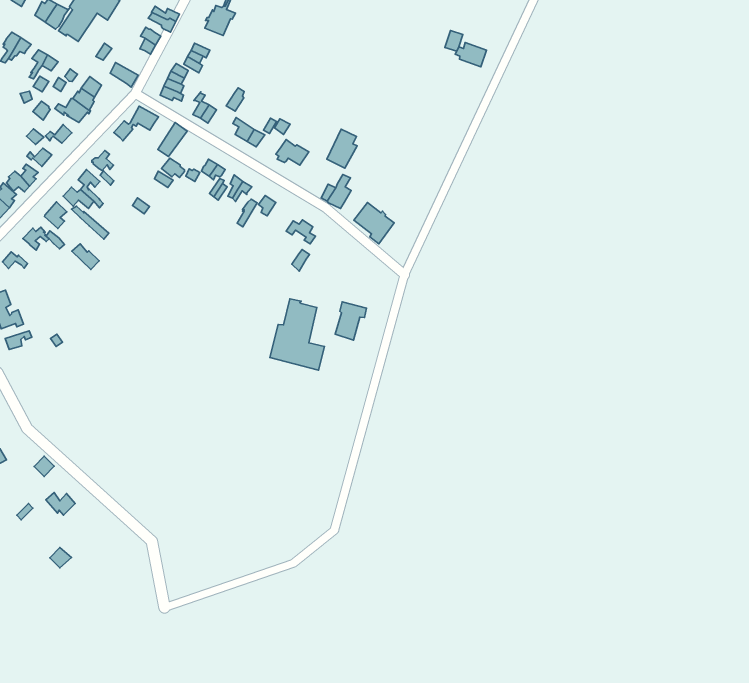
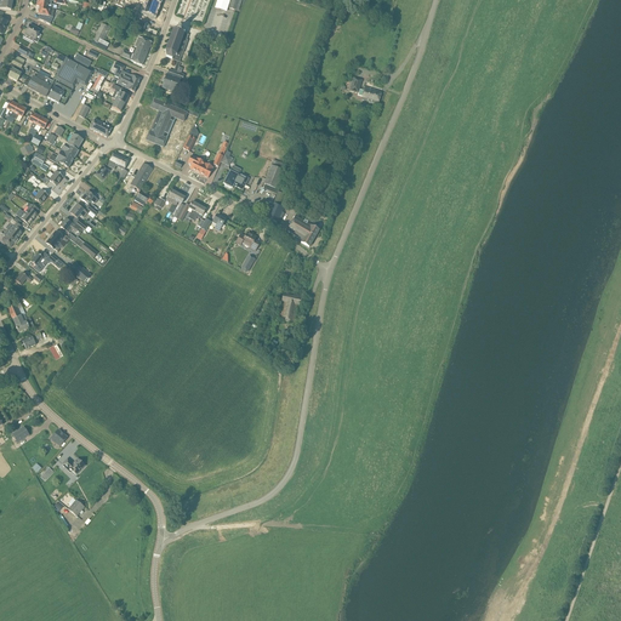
building: [270,299,325,370] -> none

